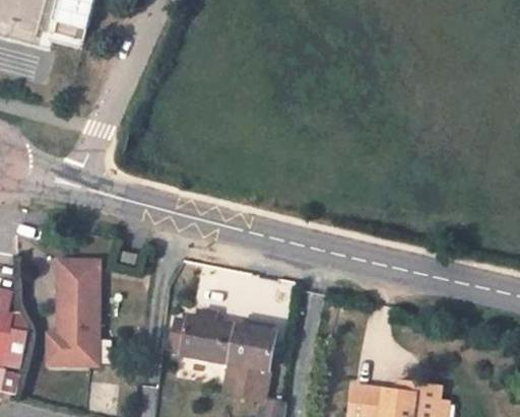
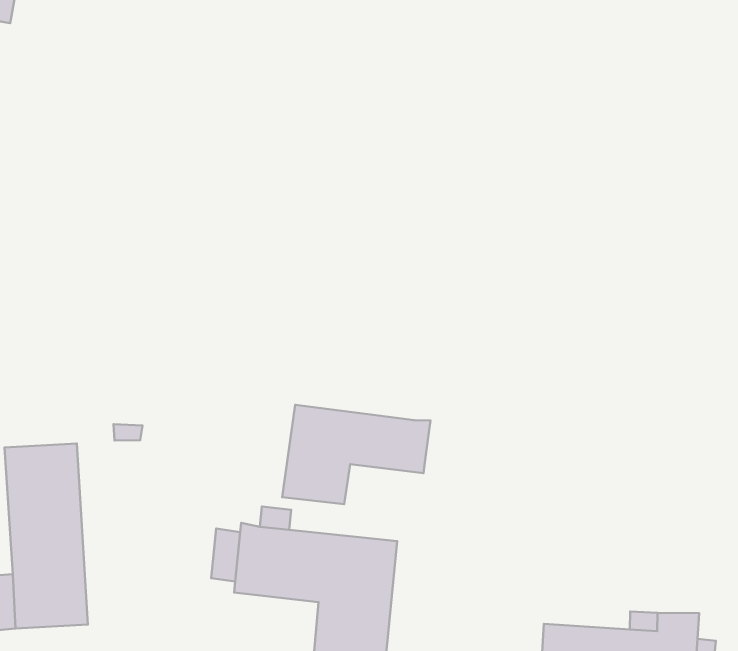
building: none -> [282,405,430,504]

